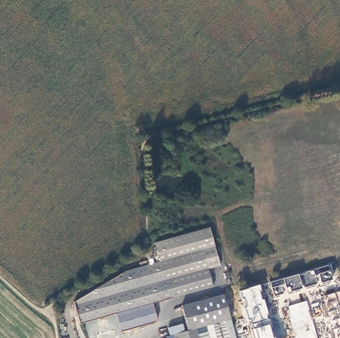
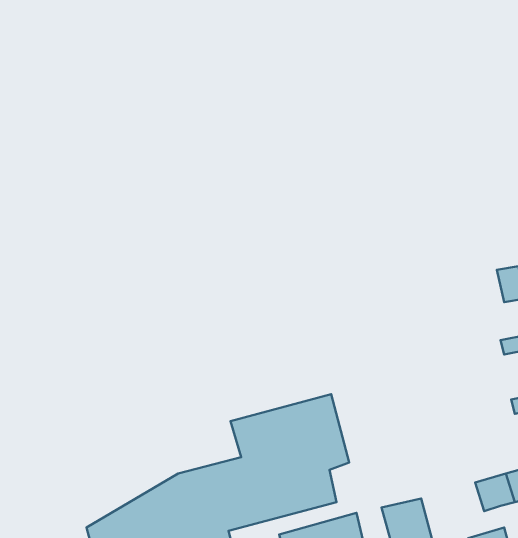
building: [269,276,296,298] -> none

